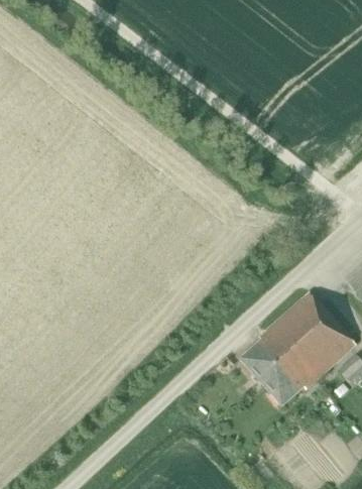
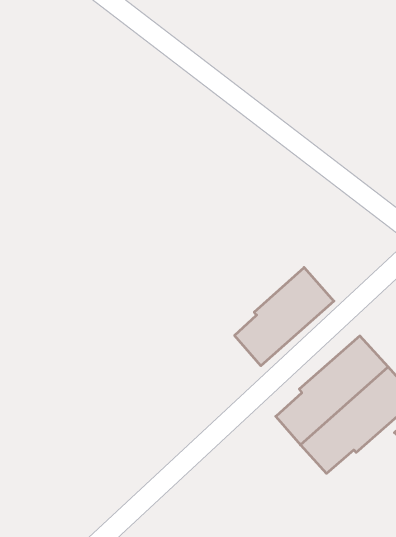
building: none -> [235,267,334,366]

